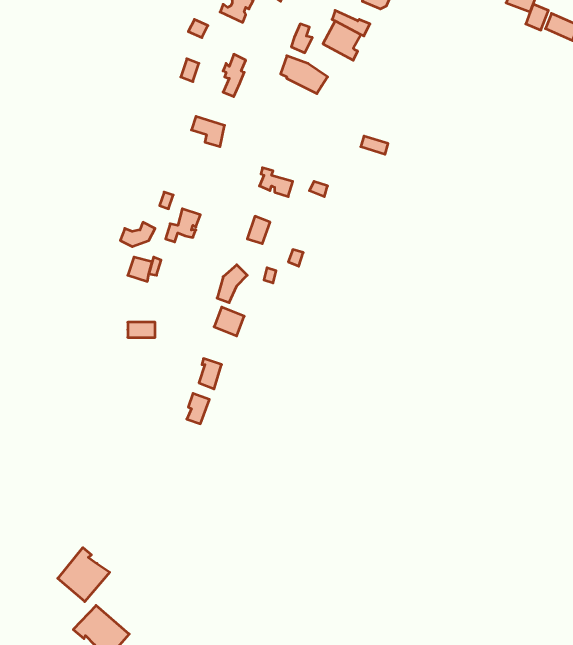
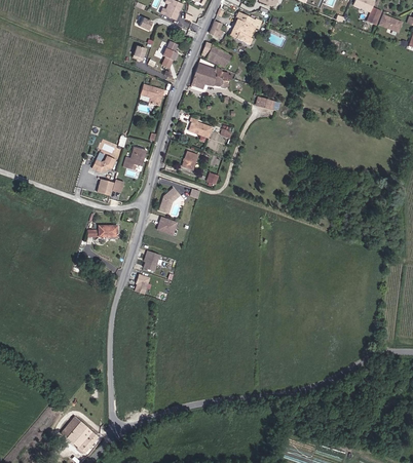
building: none -> [191,57,232,90]
building: [58,548,110,602] -> none

